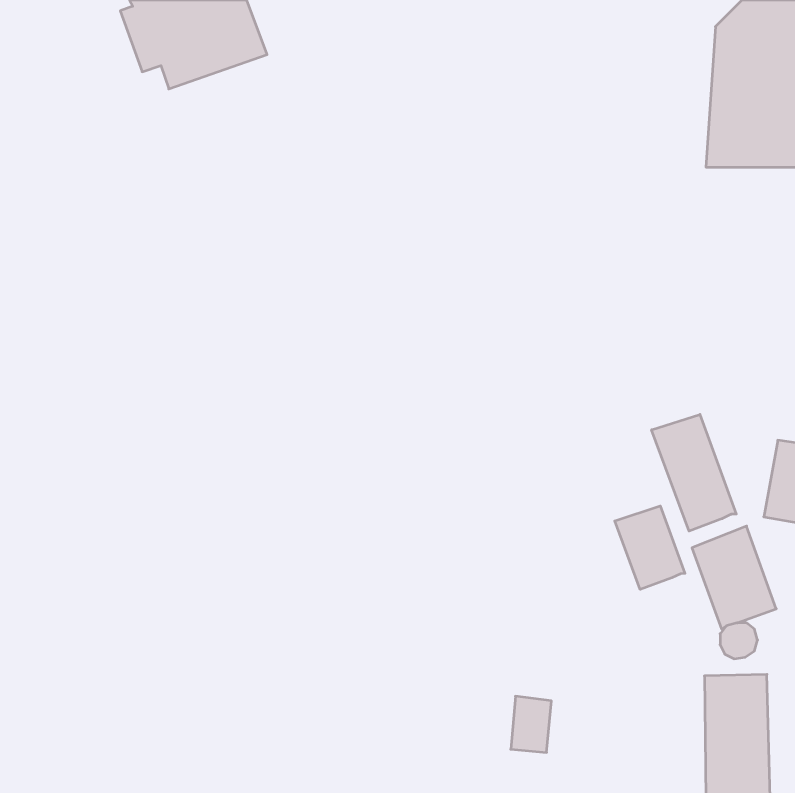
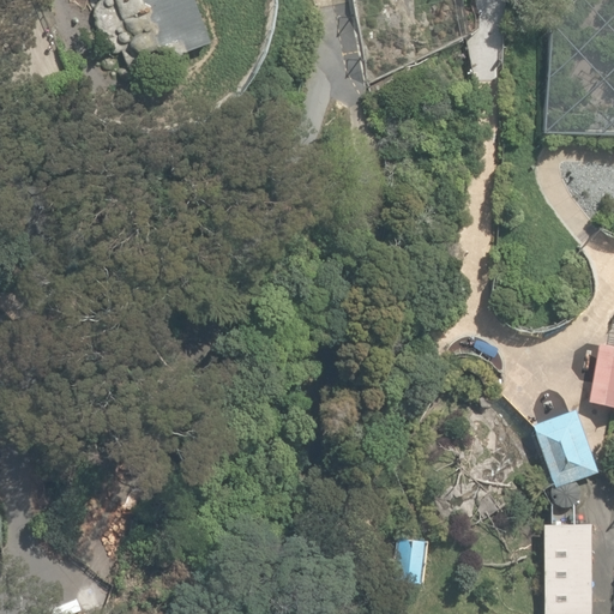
building: [652,414,736,531] -> none
building: [615,506,685,589] -> none

